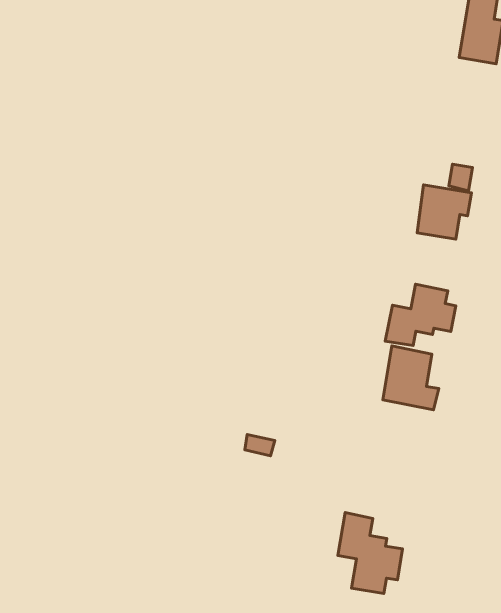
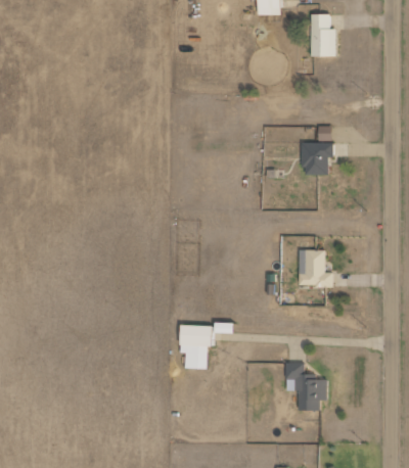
building: [385,284,456,345] -> none
building: none -> [180,324,213,369]

